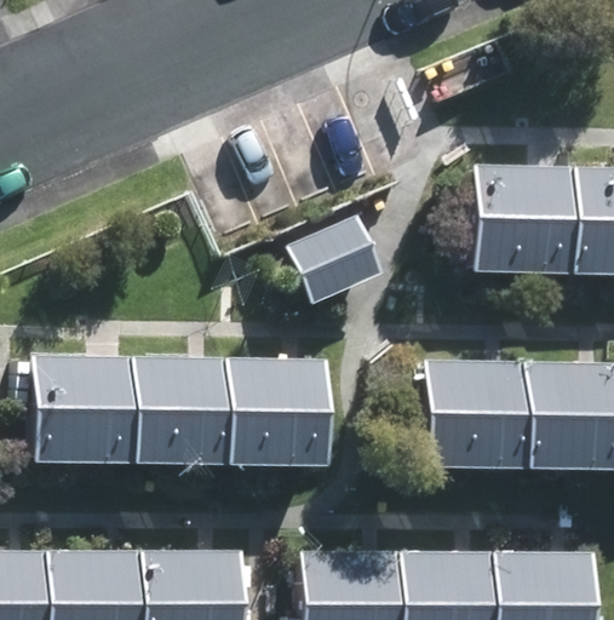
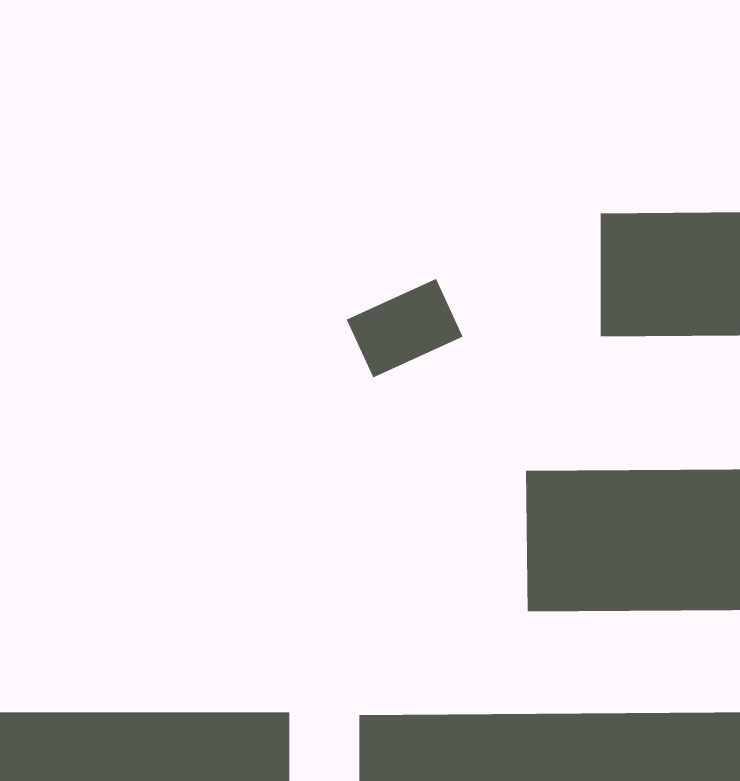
building: [42,357,328,453] -> none

